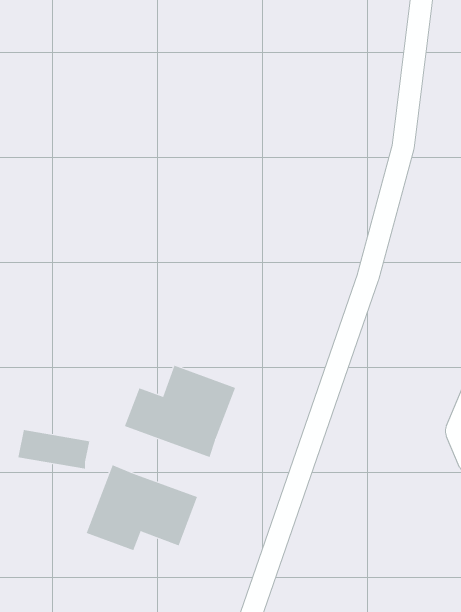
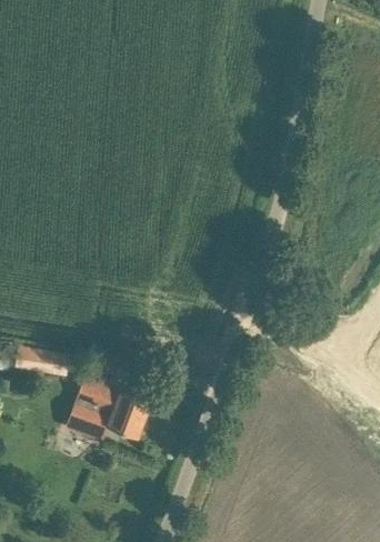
building: [124,365,236,458] -> none

